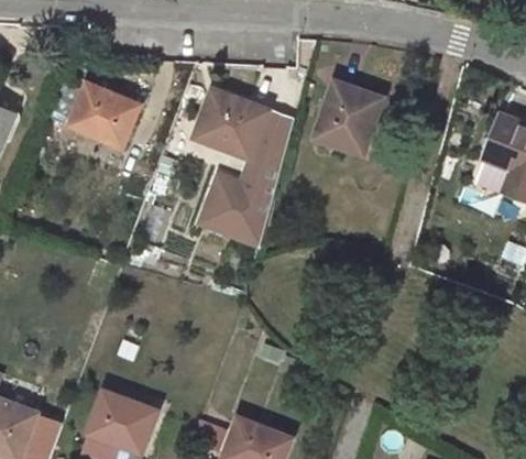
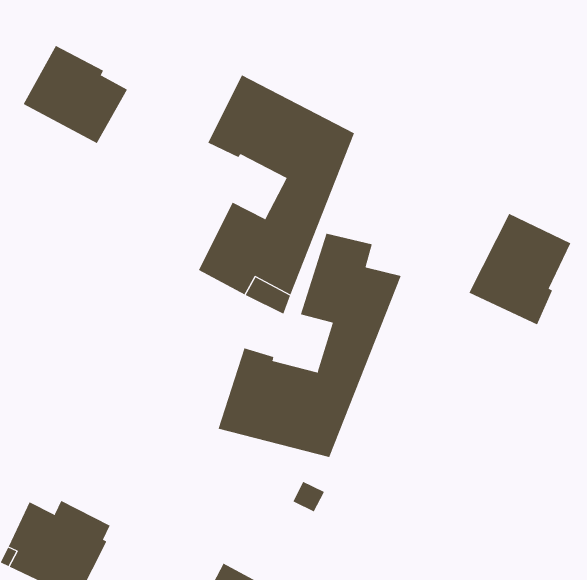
building: [313,81,377,154] -> [469,213,571,325]
building: none -> [218,233,402,458]

